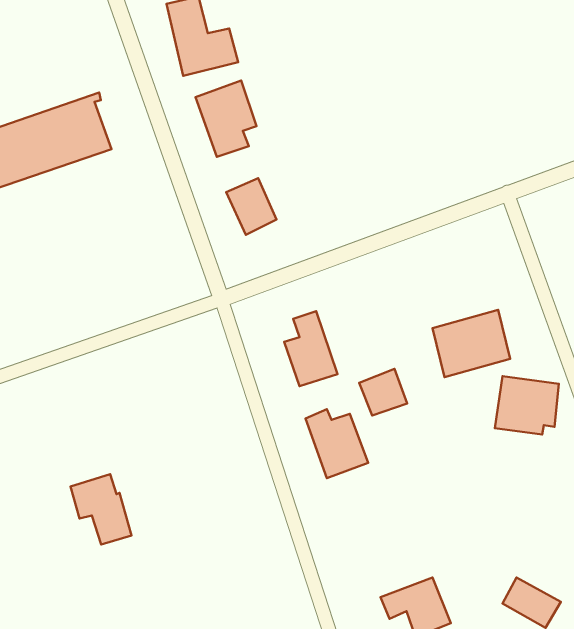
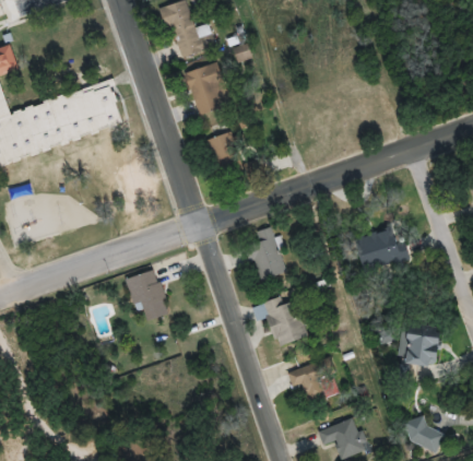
building: [359,369,407,416] -> none
building: [495,376,559,434] -> [398,324,444,366]
building: [70,474,132,545] -> [129,261,173,311]
building: none -> [287,360,332,403]

